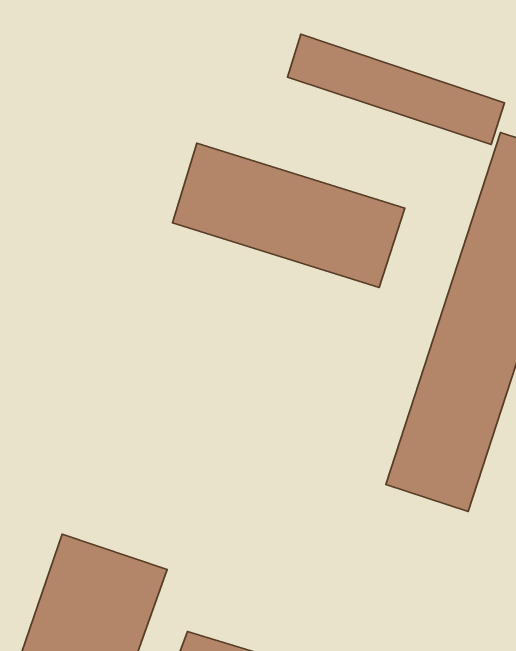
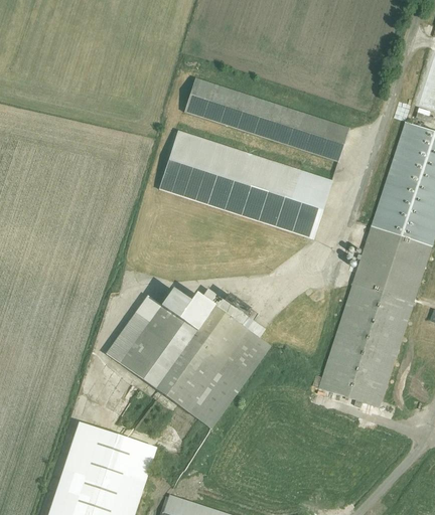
building: [287,34,505,145] -> [186,79,348,162]
building: none -> [104,289,269,430]

